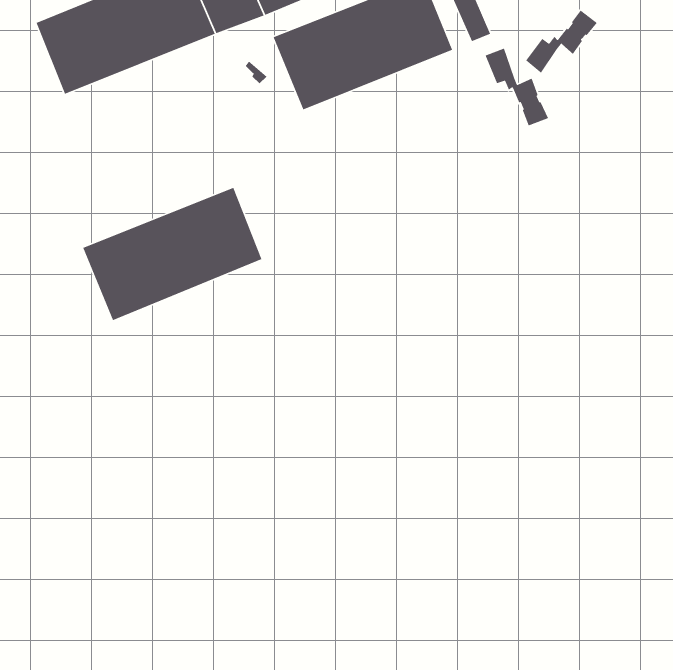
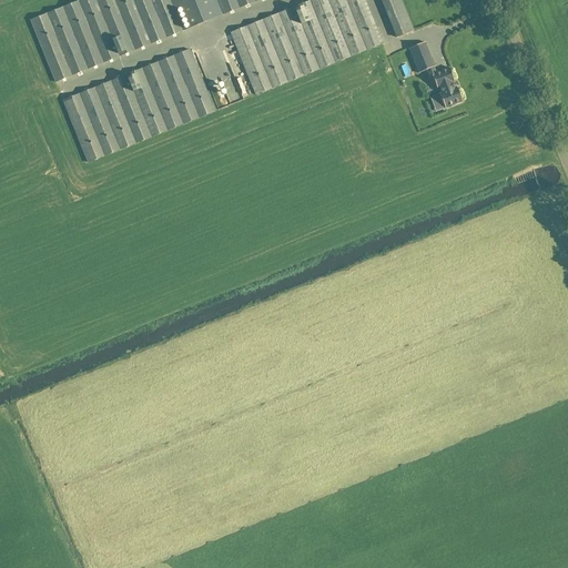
building: [525,9,598,74] -> none
building: [82,187,263,321] -> [62,48,214,161]

